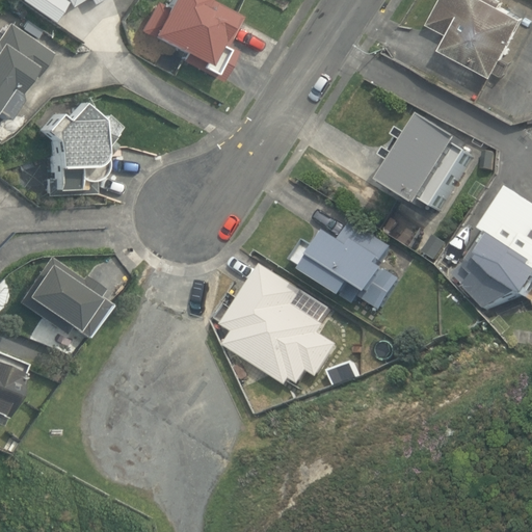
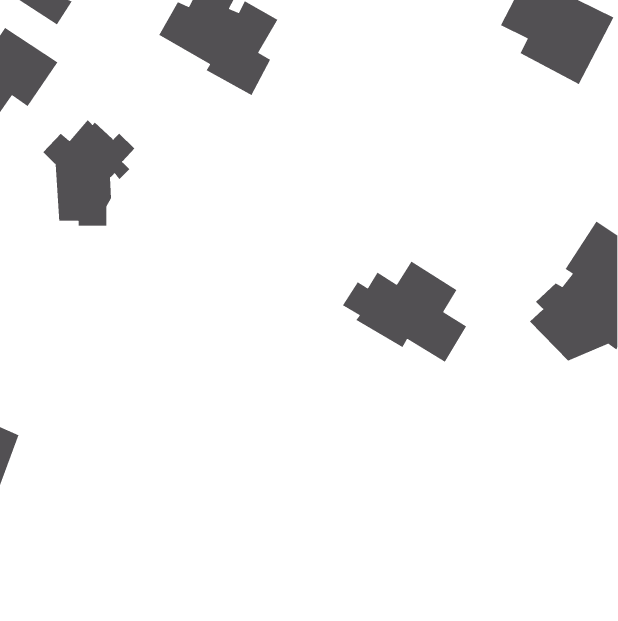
building: [387,121,471,210] -> none
building: [19,255,106,338] -> none
building: [220,262,339,384] -> none

